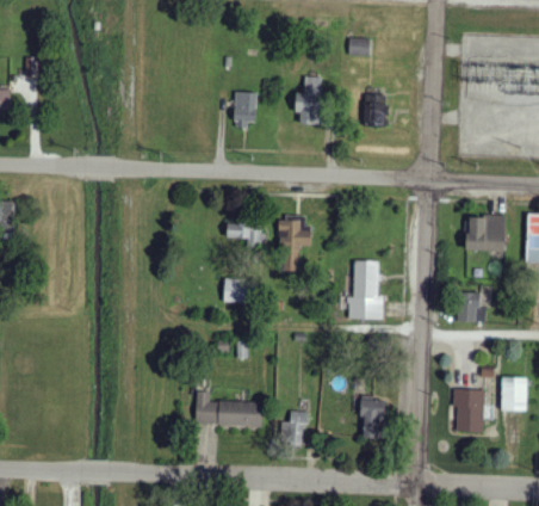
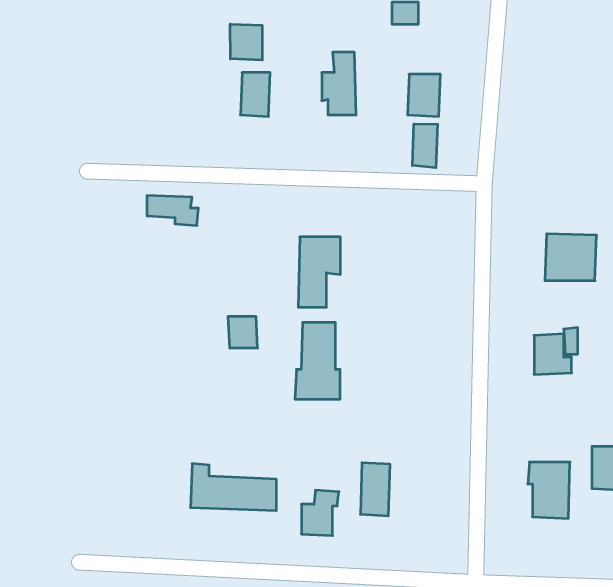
building: none -> [230,24,262,60]
building: none -> [412,124,438,168]
building: [227,222,266,245] -> [147,196,198,225]
building: [348,260,383,319] -> [295,322,340,399]
building: [361,399,384,439] -> [360,463,390,516]

